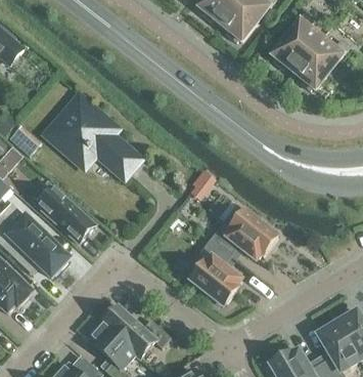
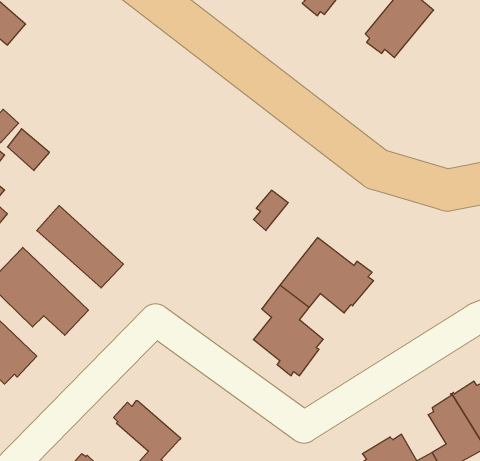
building: [293,37,351,90] -> none
building: [47,95,140,176] -> none
building: [103,305,172,357] -> none

